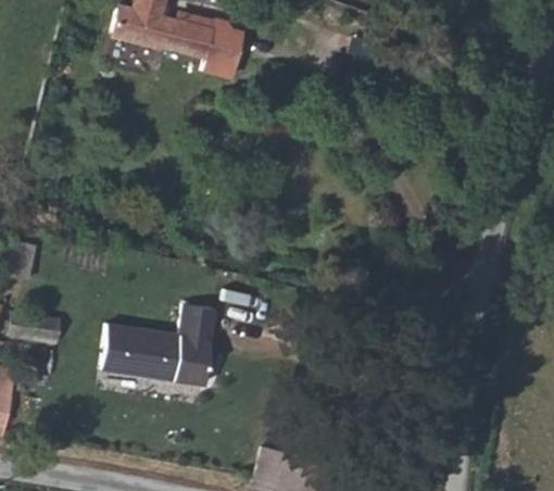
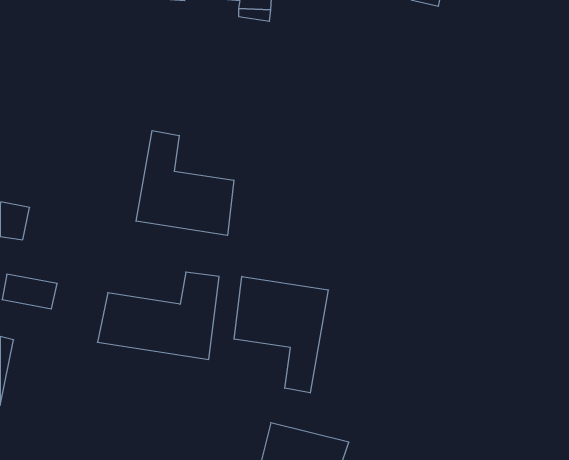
building: none -> [136,131,234,235]
building: none -> [234,276,328,393]

